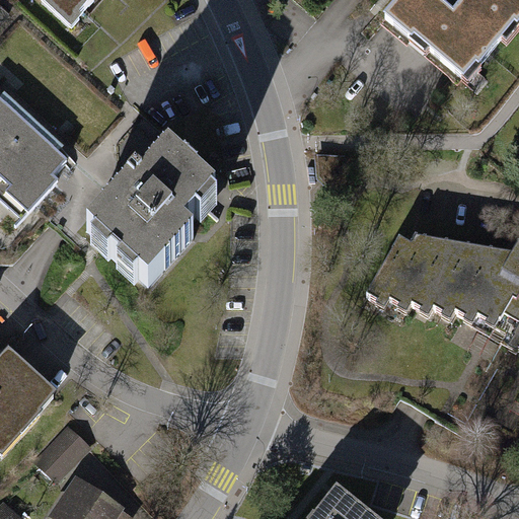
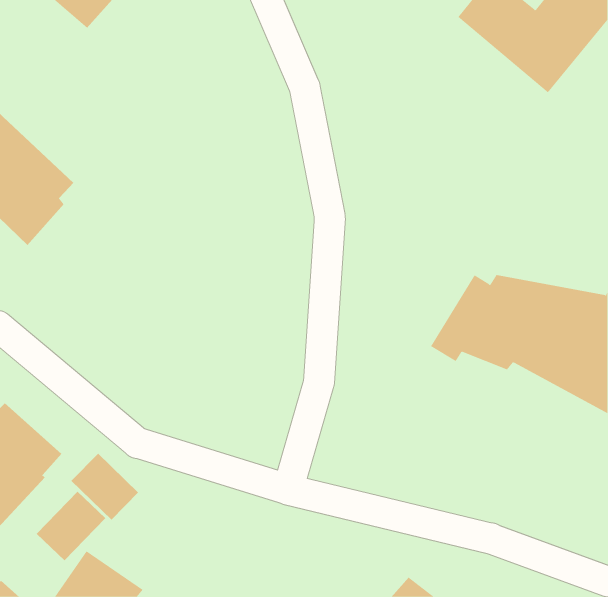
building: [88,144,219,281] -> none
building: none -> [71,453,139,520]

